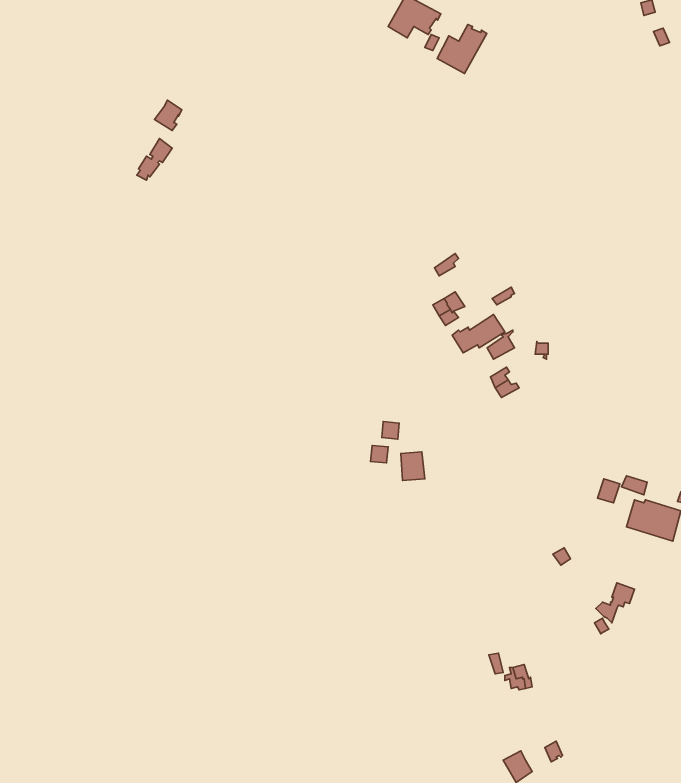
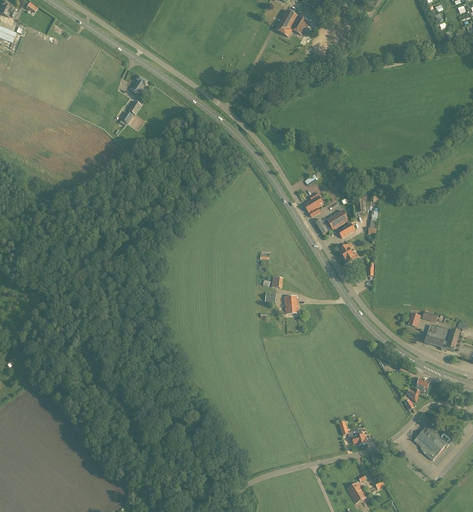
building: [437,25,487,74] -> none
building: none -> [414,424,453,460]

